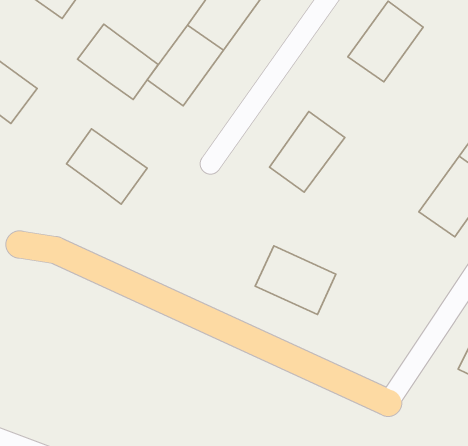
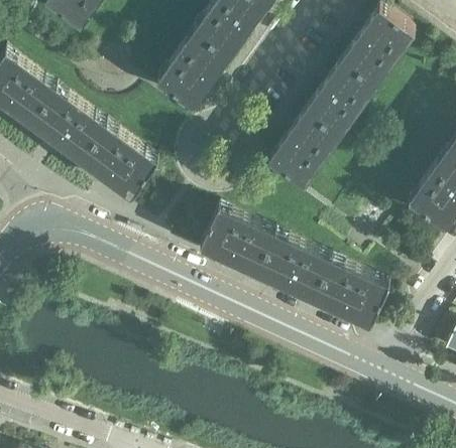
building: [77,24,158,99] -> [31,92,106,161]
building: none -> [307,62,376,137]
building: none -> [200,210,274,274]
building: none -> [315,263,388,326]

